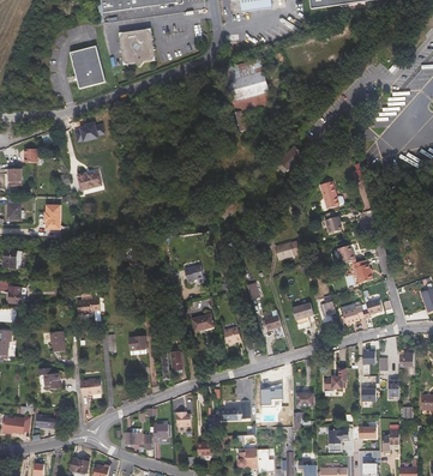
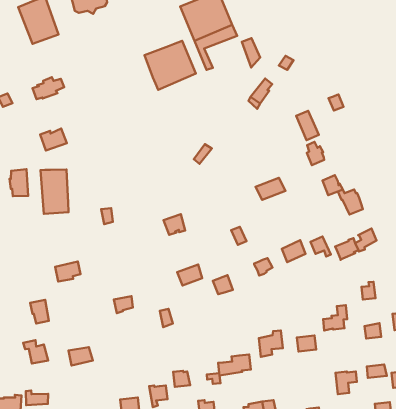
building: none -> [145,41,196,90]
building: none -> [41,170,68,214]

